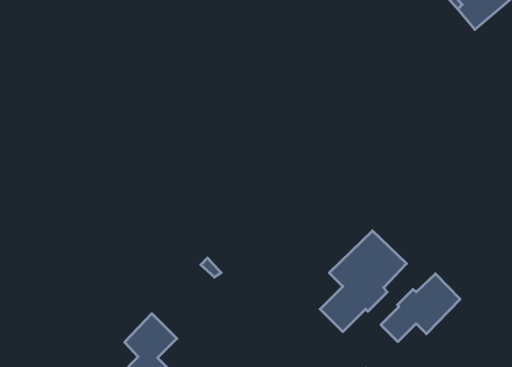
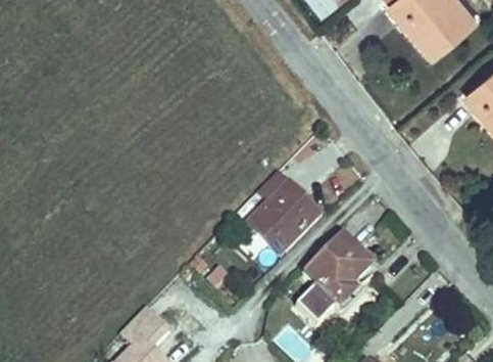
building: none -> [246,174,317,255]
building: [381,274,460,342] -> none

